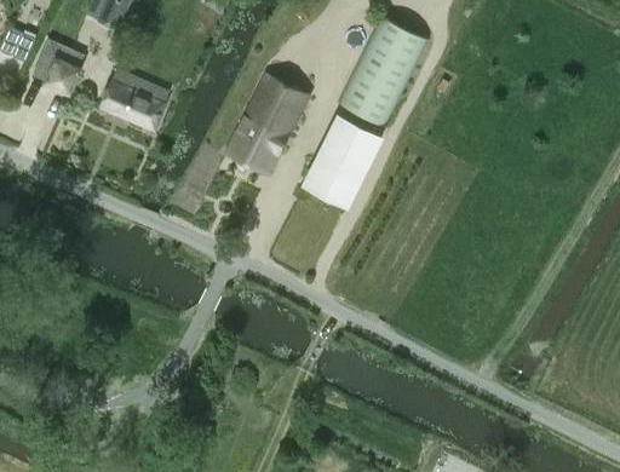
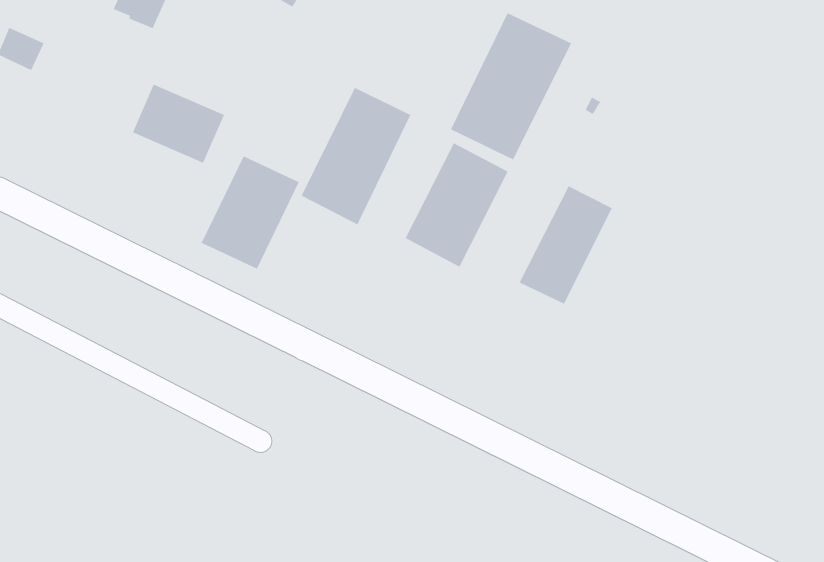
building: [33,39,85,91] -> none
building: none -> [201,156,300,269]
building: none -> [519,185,613,304]

